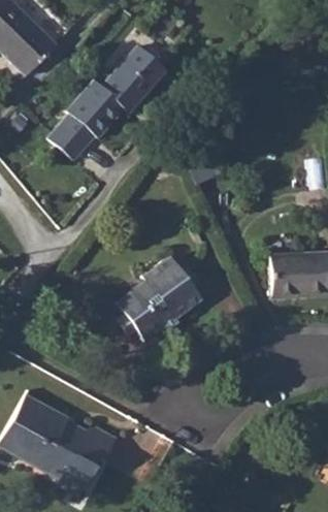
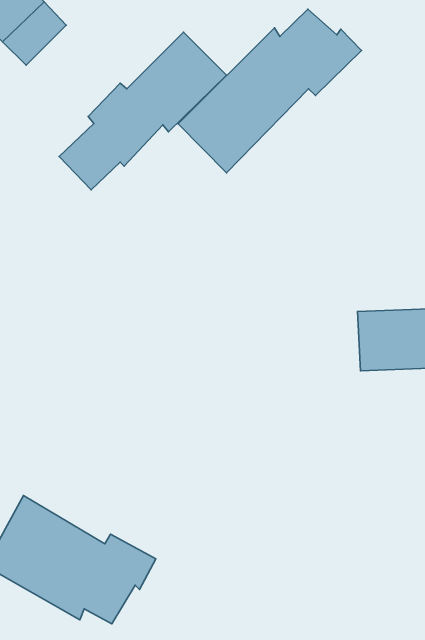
building: none -> [178,9,361,173]
building: [114,255,201,339] -> none

